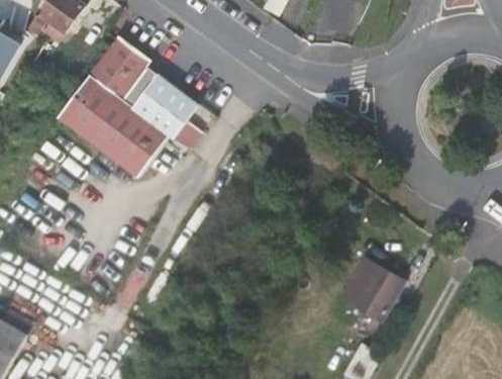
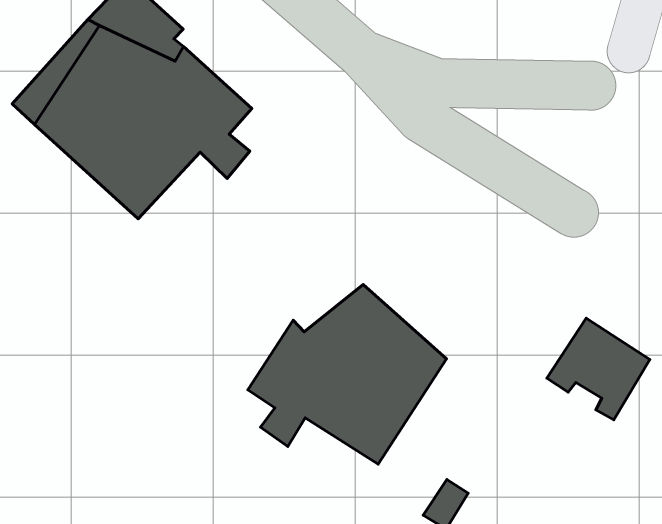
building: none -> [248,284,447,464]
building: [338,265,398,323] -> [547,318,650,420]

